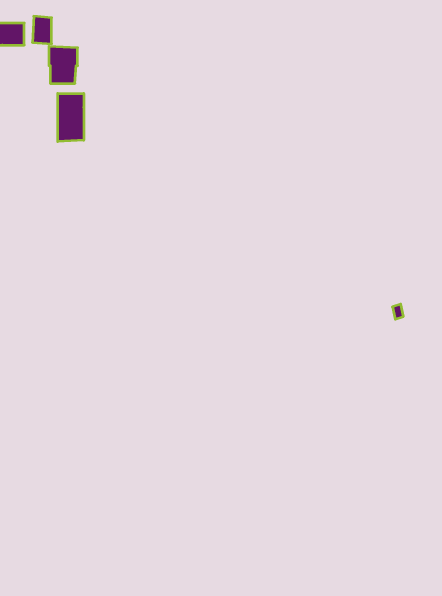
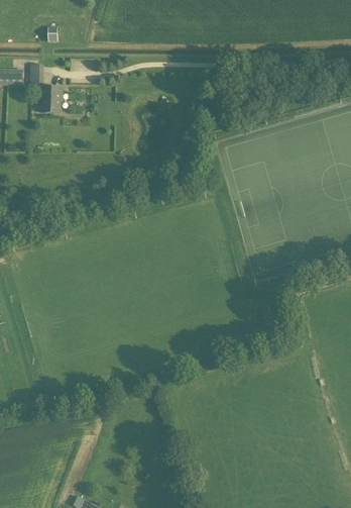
building: [58,93,84,142] -> none

